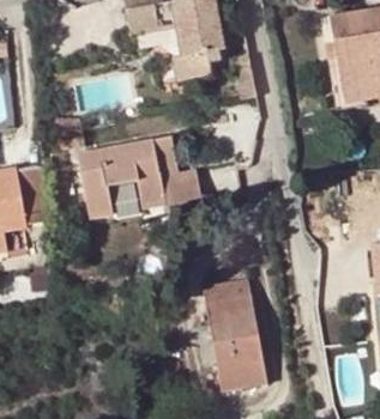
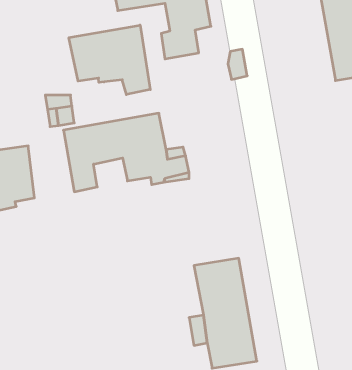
building: none -> [69,25,150,95]

